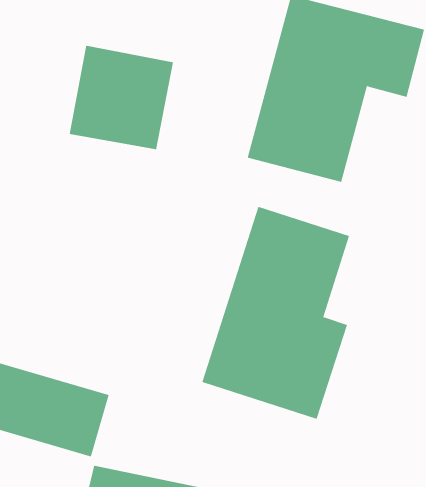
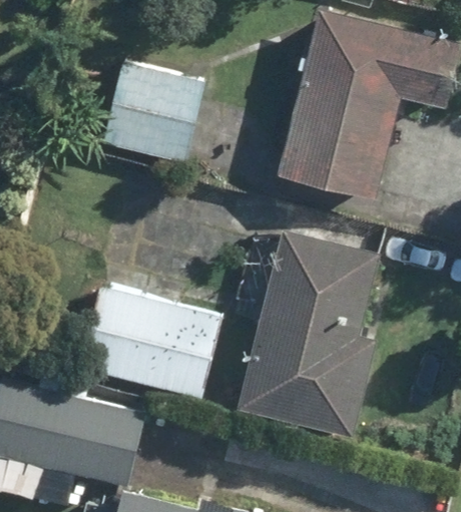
building: none -> [68,287,229,406]

